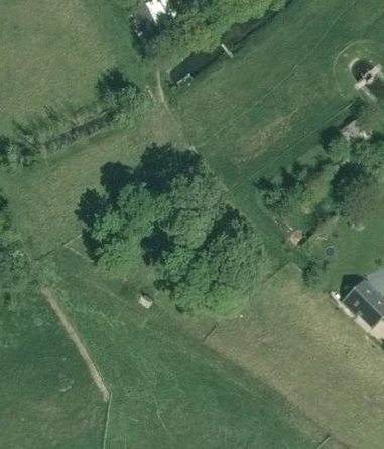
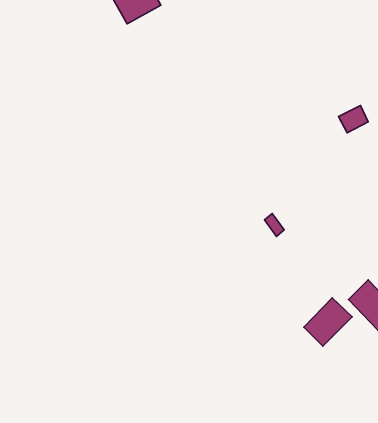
building: none -> [304,298,352,346]

